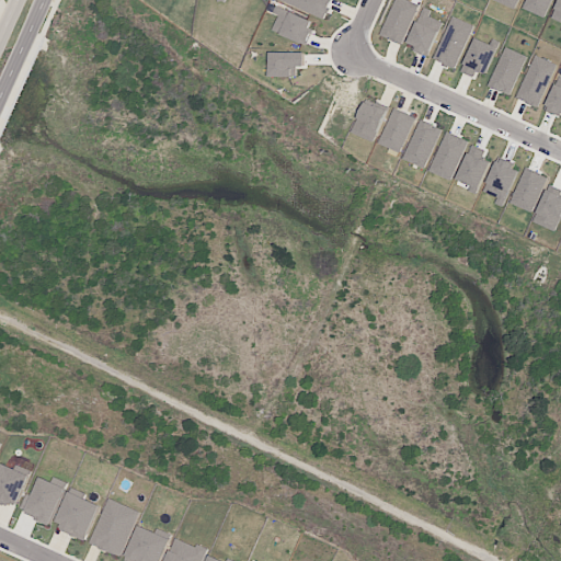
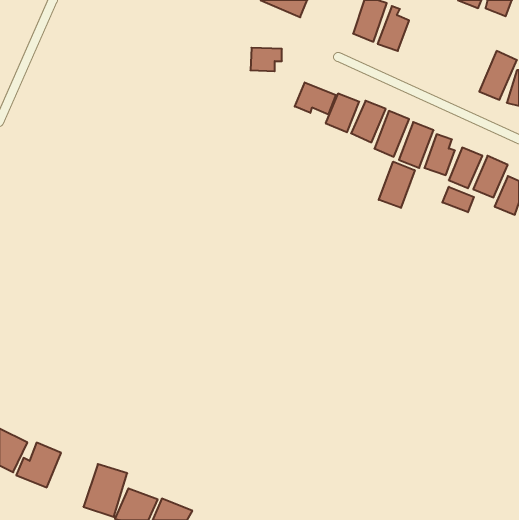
building: [272,5,312,45] -> none
building: [433,16,473,69] -> none
building: [460,37,497,77] -> none
building: [488,47,526,95] -> none
building: none -> [295,82,336,114]
building: none -> [379,162,415,208]
building: none -> [442,187,474,212]
building: [54,492,101,540] -> none

